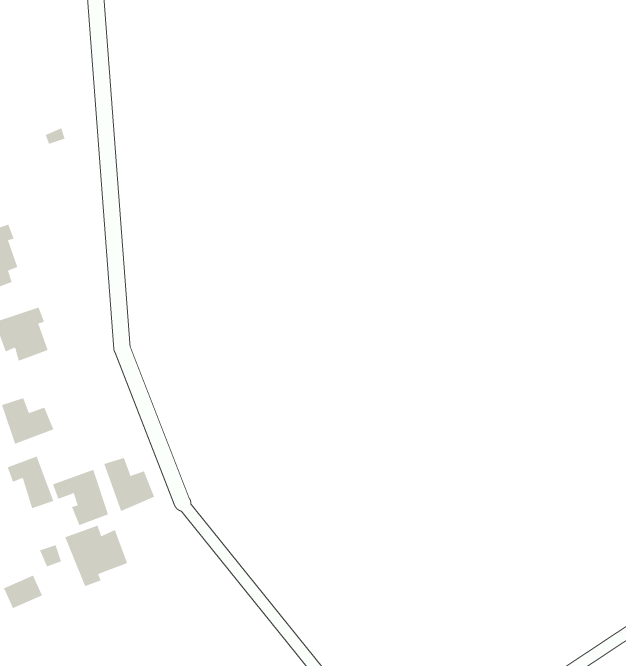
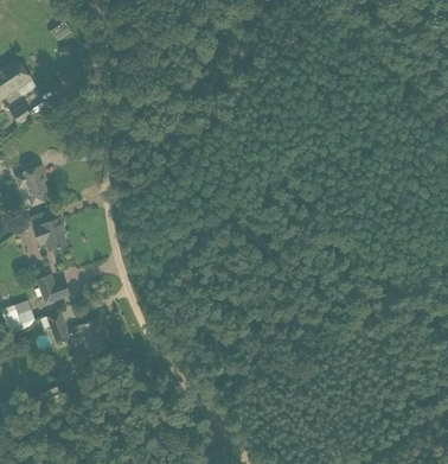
building: [103,457,155,512] -> none
building: [65,525,128,587] -> none

